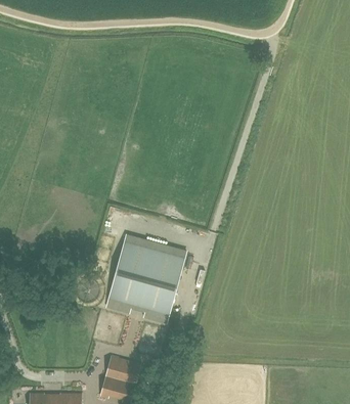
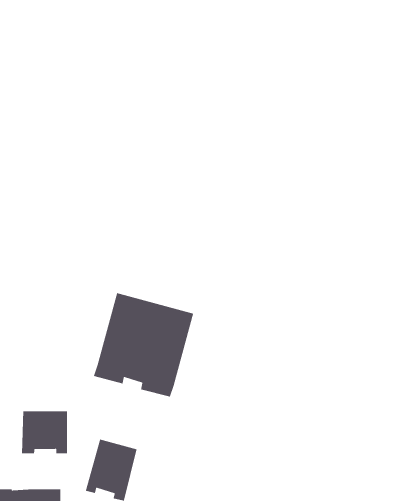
building: none -> [21,411,68,454]

